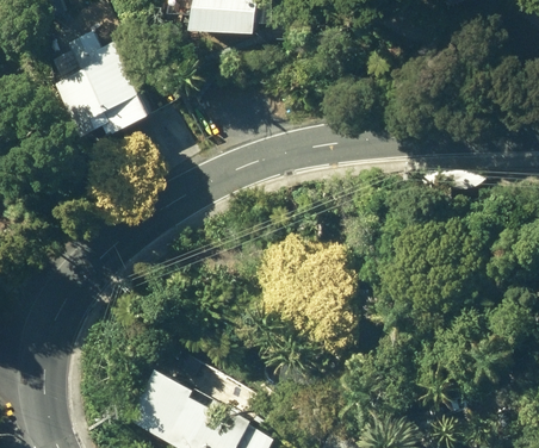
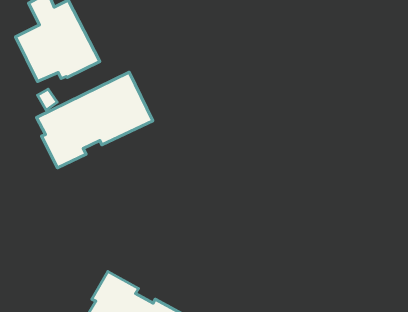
building: none -> [37,72,153,168]

